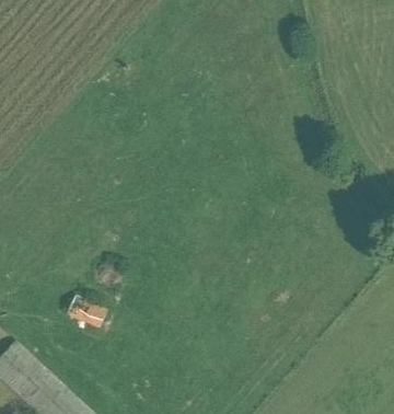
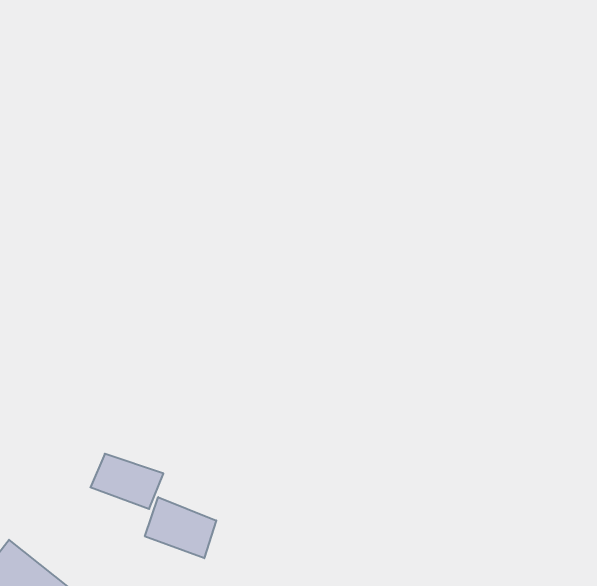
building: none -> [145,497,216,558]

